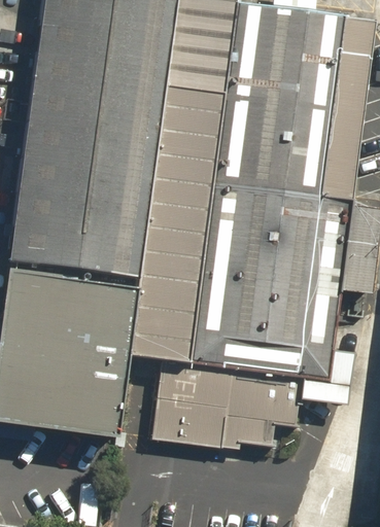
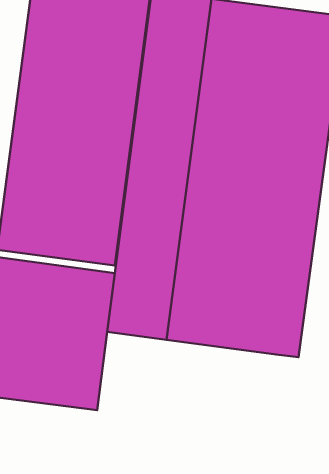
building: [151,356,305,456] -> none

